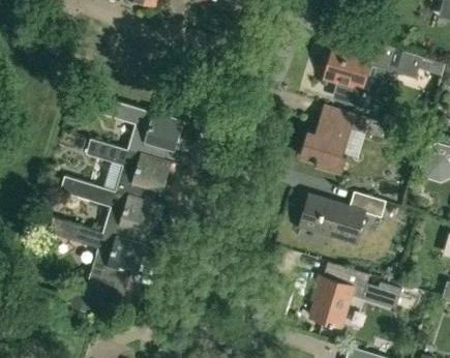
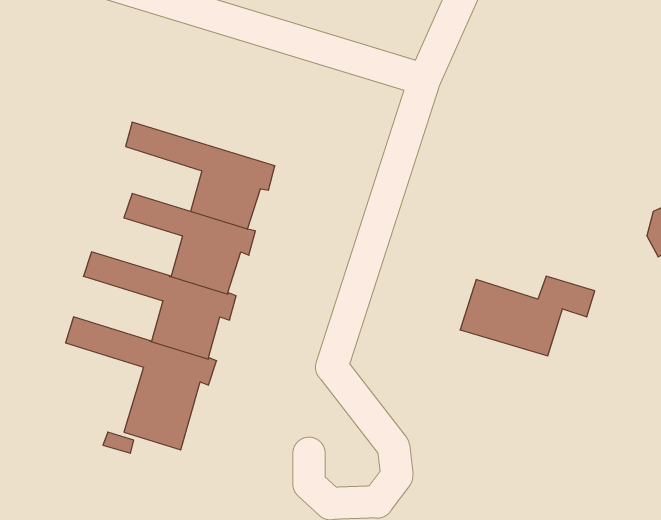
building: [324,40,422,102] -> none
building: [299,107,364,173] -> none
building: [310,261,400,326] -> none

